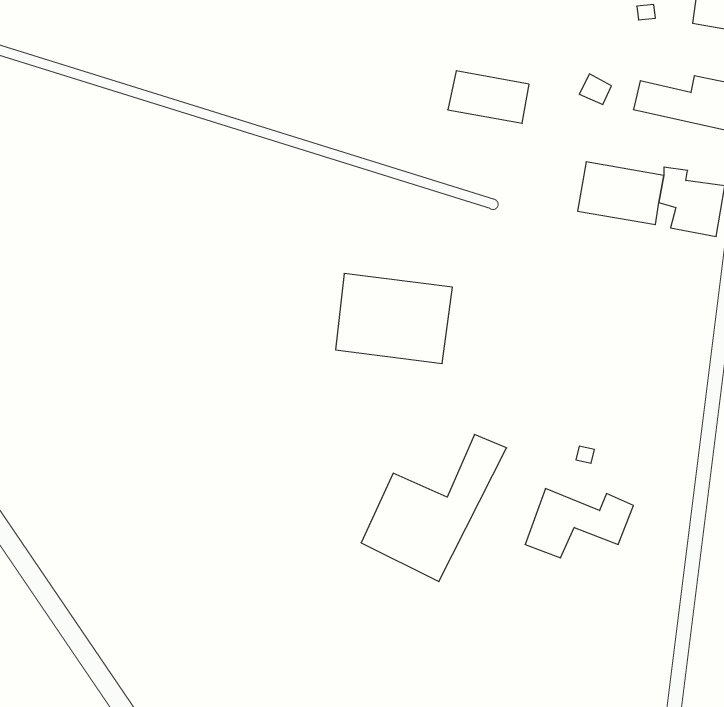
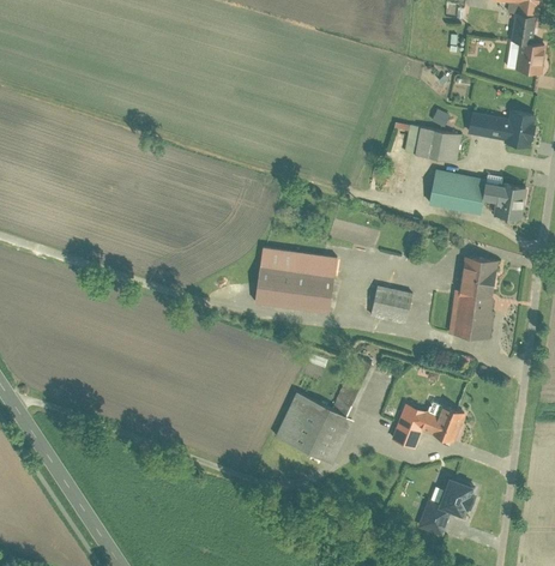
building: [448,71,529,123] -> [404,125,462,162]
building: none -> [448,254,500,341]
building: none -> [370,287,412,324]
building: none -> [418,475,481,536]

